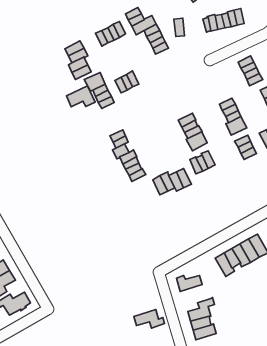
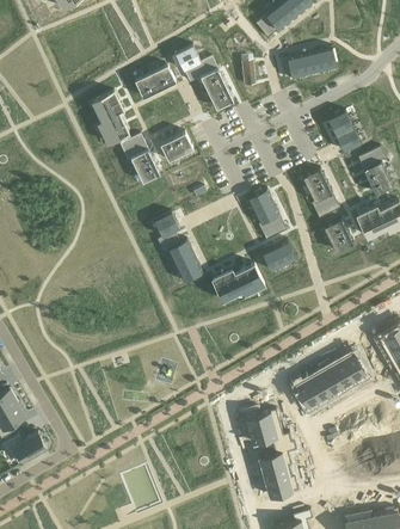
building: [67,86,95,107] -> none
building: [134,310,165,328] -> [250,422,291,447]

